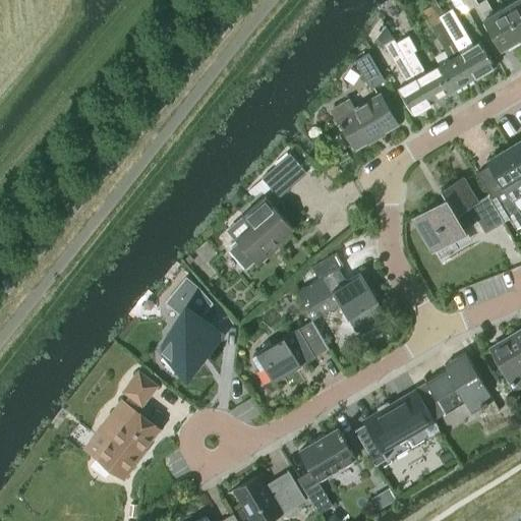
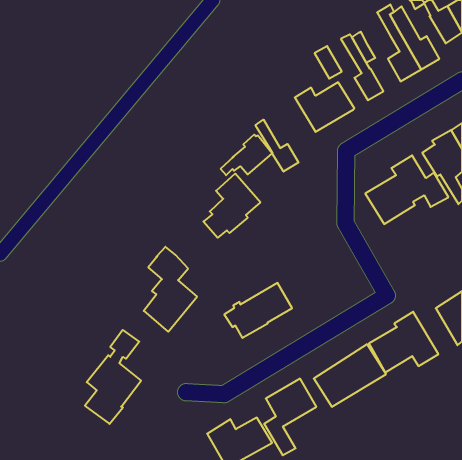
building: [412,67,451,105] -> none
building: none -> [255,120,298,172]
building: [296,253,385,333] -> none

